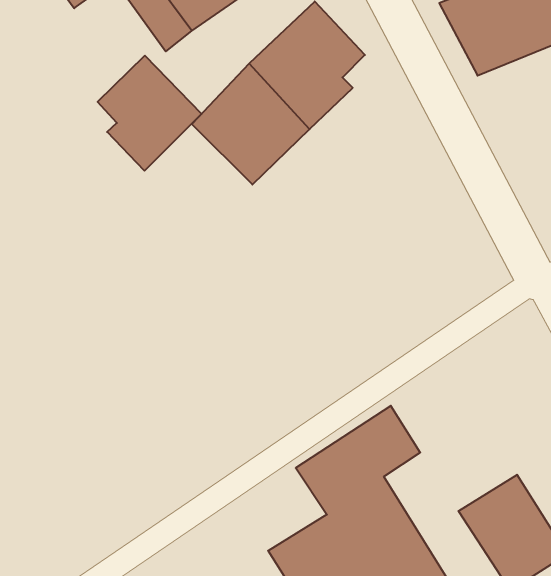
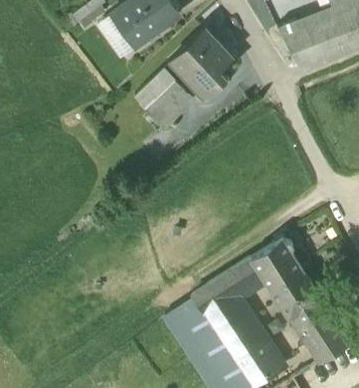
building: [98,56,202,171] -> none
building: none -> [249,238,323,322]
building: none -> [161,297,212,345]

